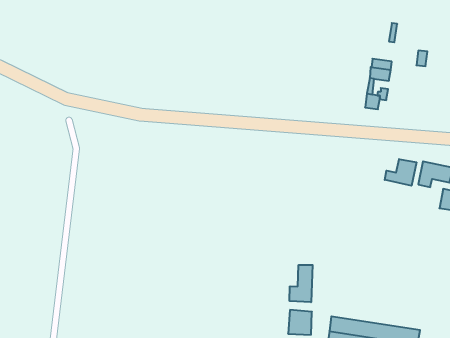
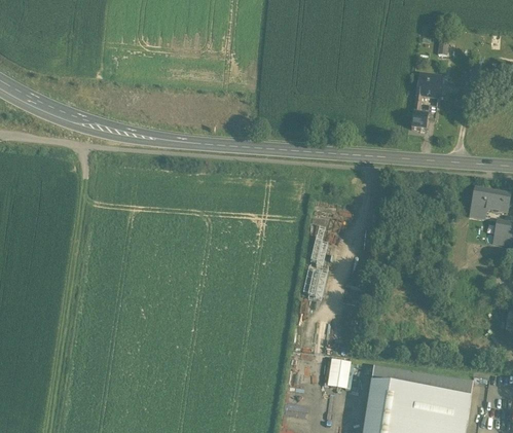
building: [385,159,416,186] -> none
building: [290,265,313,302] -> none

